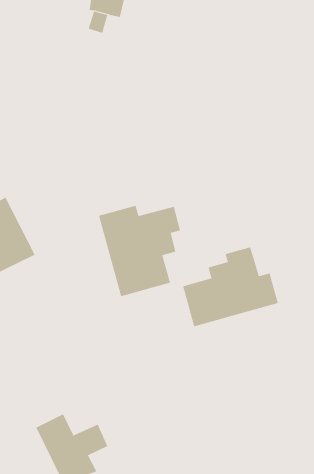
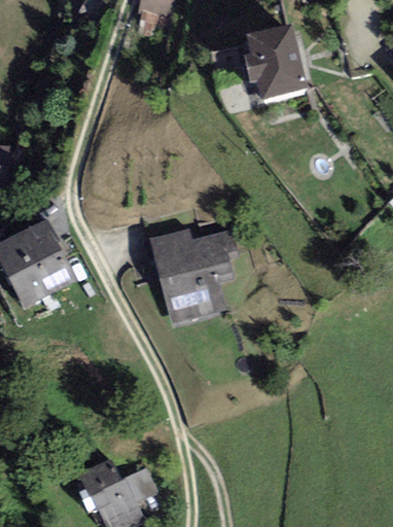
building: none -> [244,23,308,99]
building: [182,247,279,327] -> none

